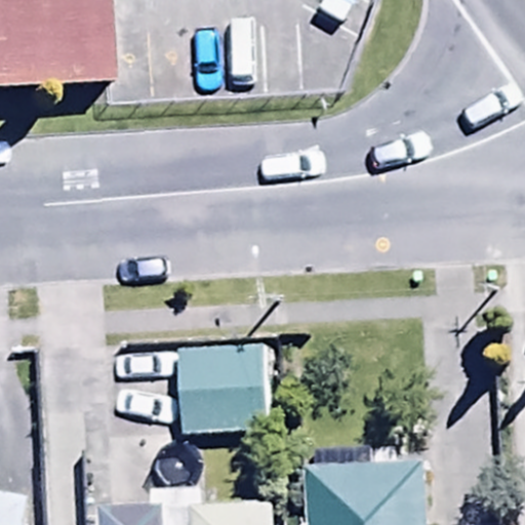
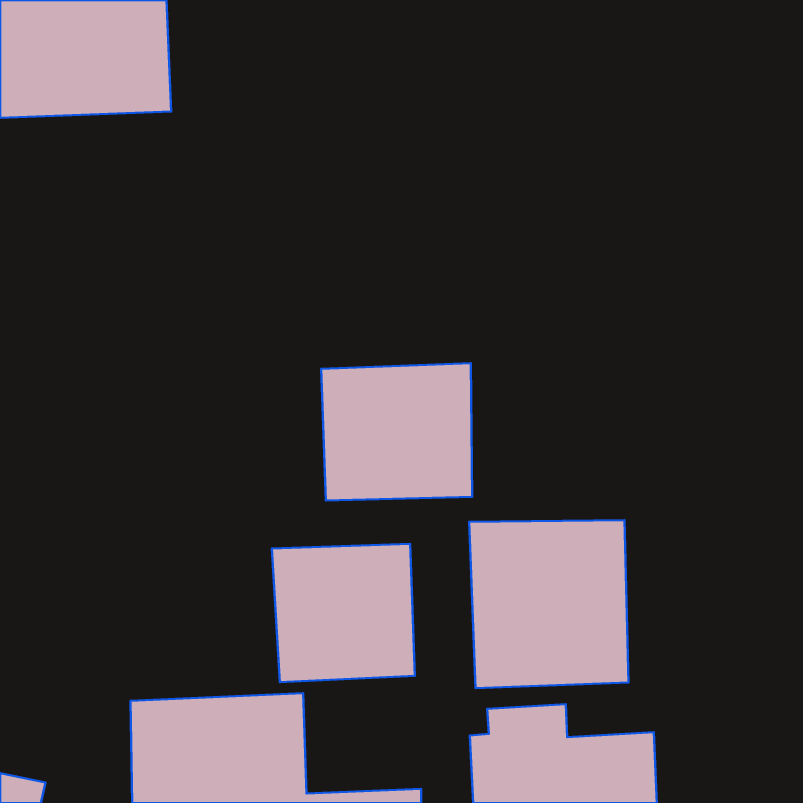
building: none -> [321,363,472,501]
building: none -> [469,520,628,688]

